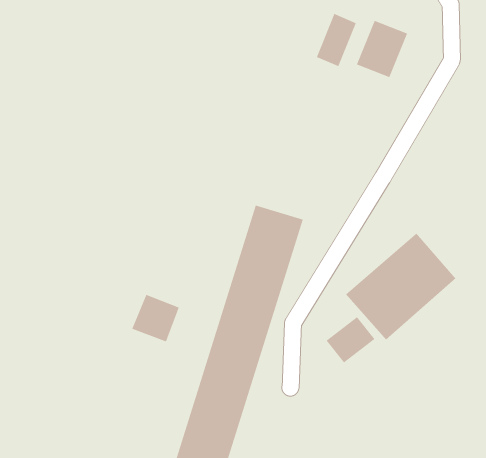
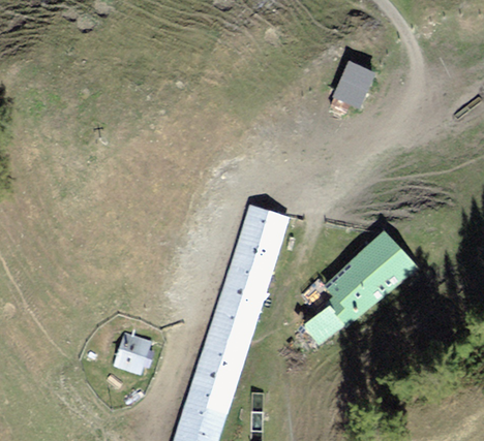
building: [316,13,357,67] -> none
building: [131,294,180,342] -> [110,332,151,373]

